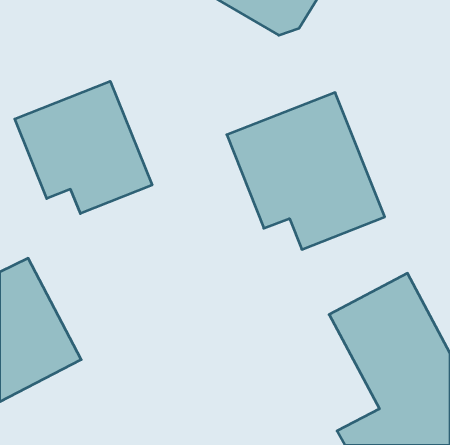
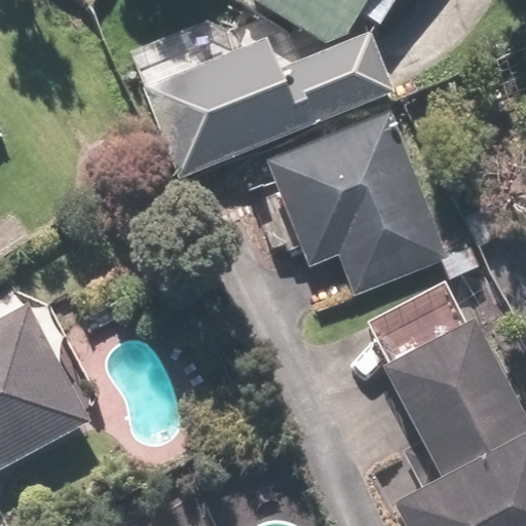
building: none -> [142,30,396,178]
building: [15,81,152,214] -> none

